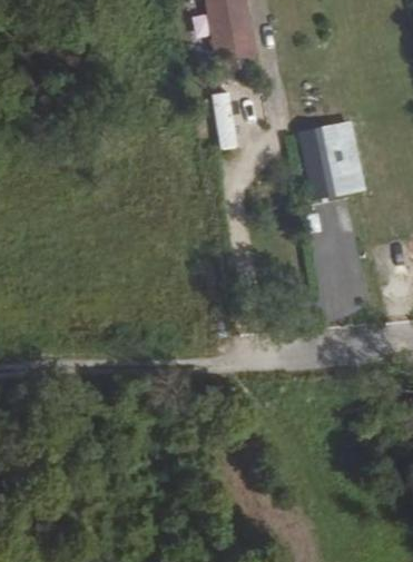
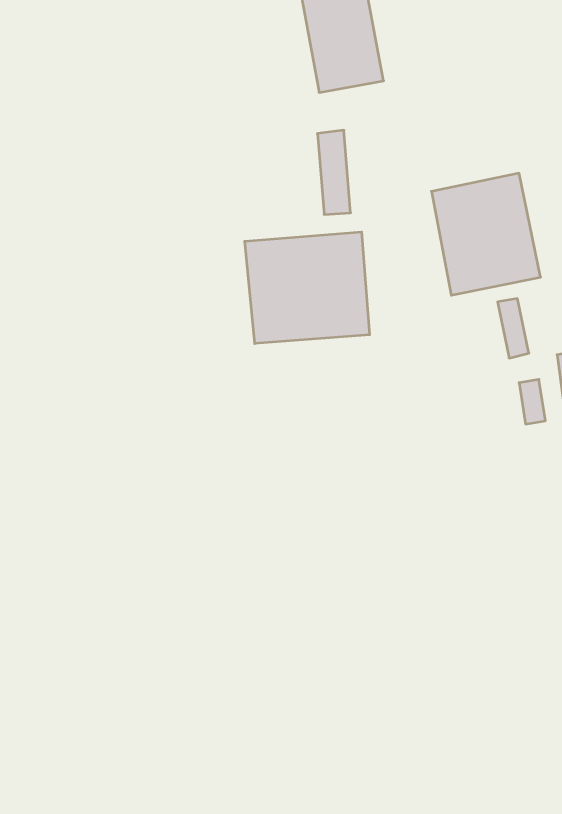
building: none -> [245,232,370,344]

